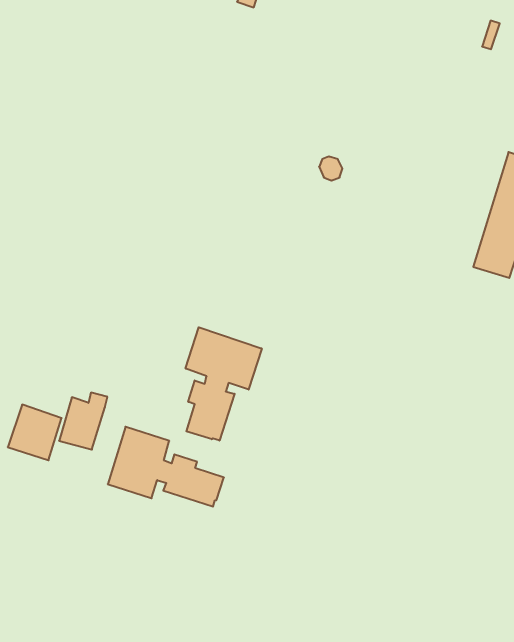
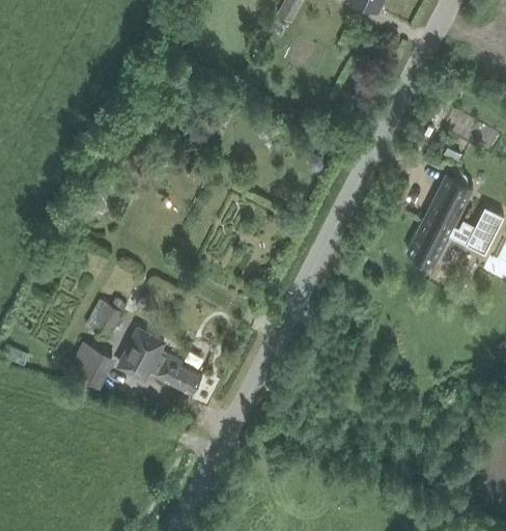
building: [186,327,262,441] -> none
building: [8,405,62,460] -> [68,342,111,386]

